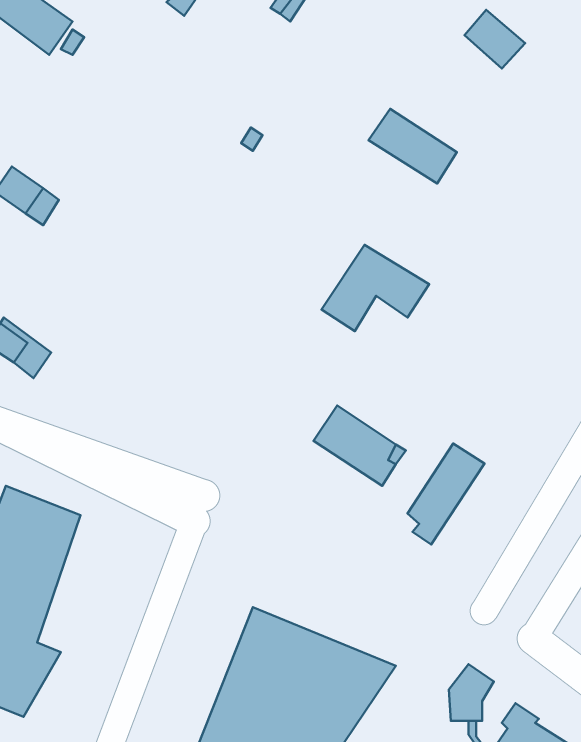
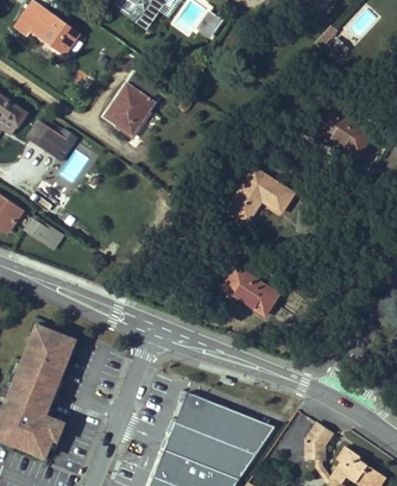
building: none -> [103,74,157,135]
building: [369,109,457,183] -> [317,109,371,154]
building: [408,443,484,545] -> none

